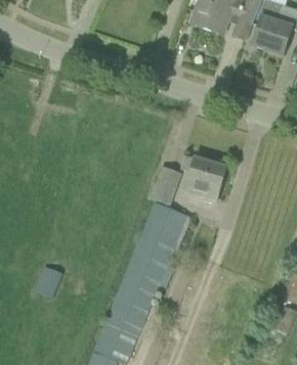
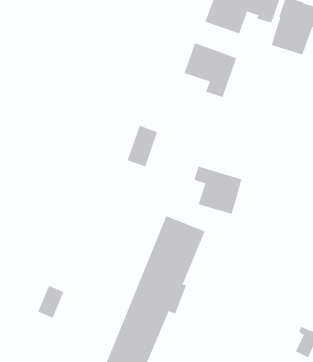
building: none -> [184,43,237,98]
building: [152,167,180,206] -> [127,125,158,167]

